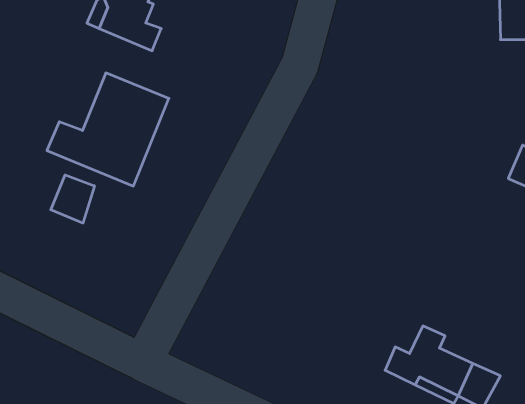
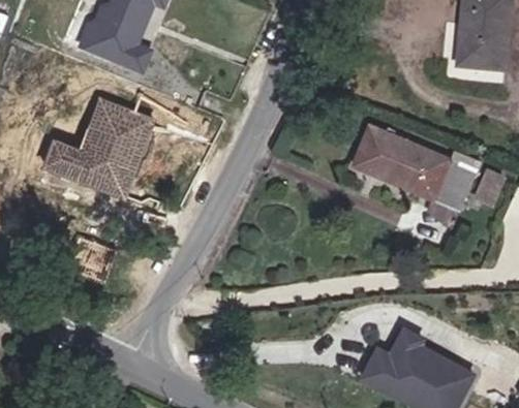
building: none -> [335,127,460,224]
building: [51,175,94,223] -> none

